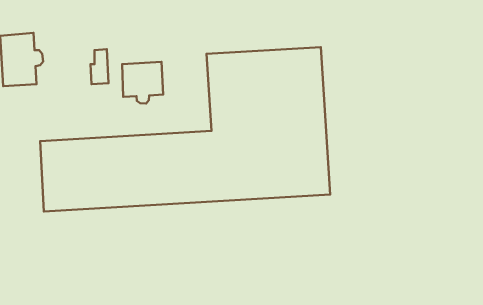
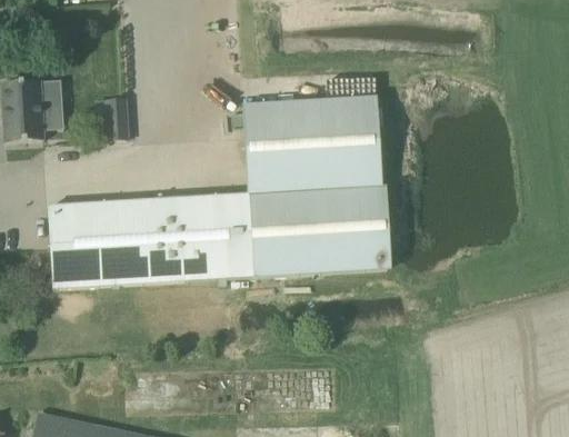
building: [122,62,163,103] -> none

